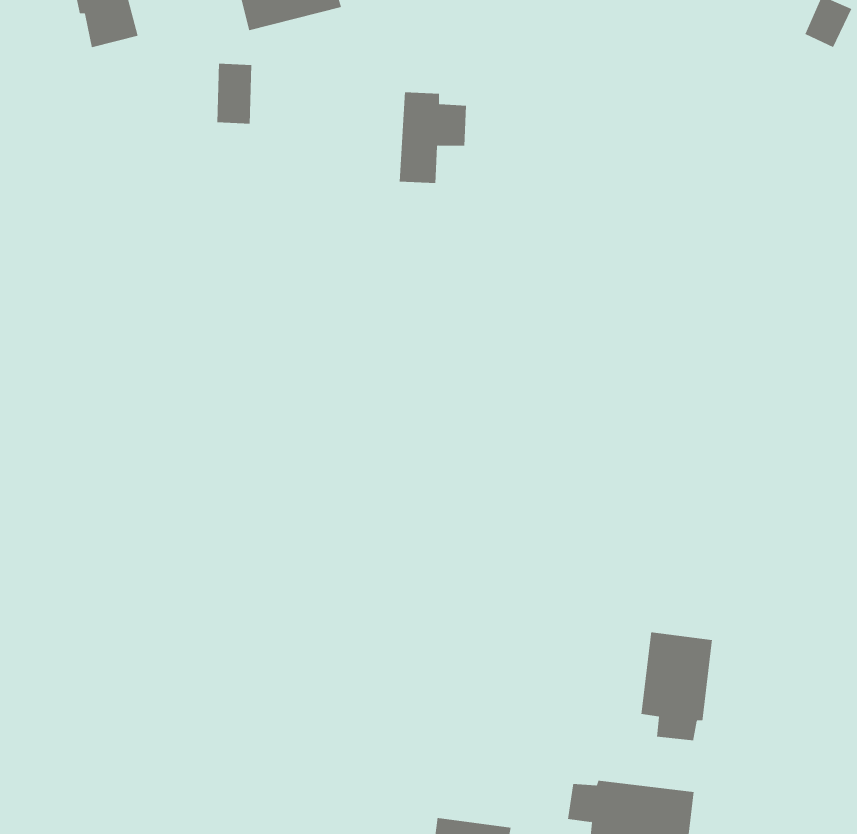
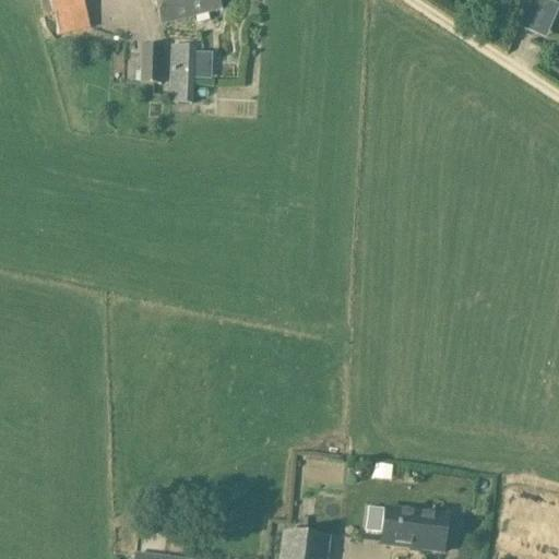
building: [399,92,467,183] -> [169,41,213,100]
building: [641,632,712,741] -> none

